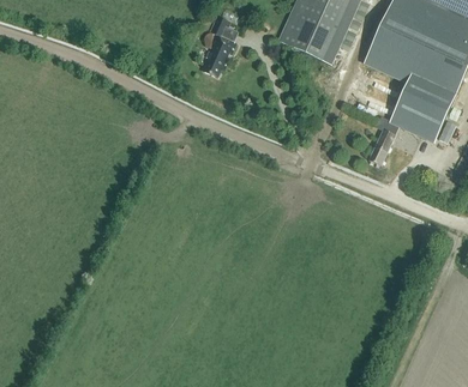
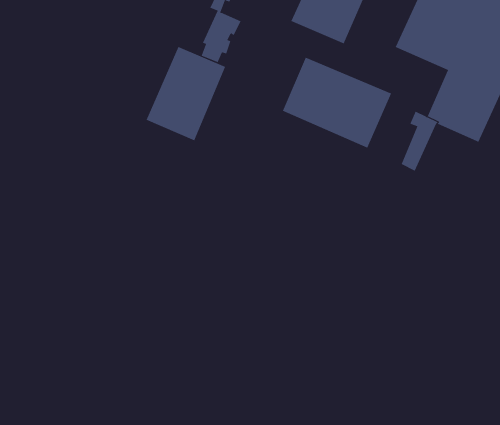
building: none -> [146,46,226,141]
building: none -> [282,57,392,149]

